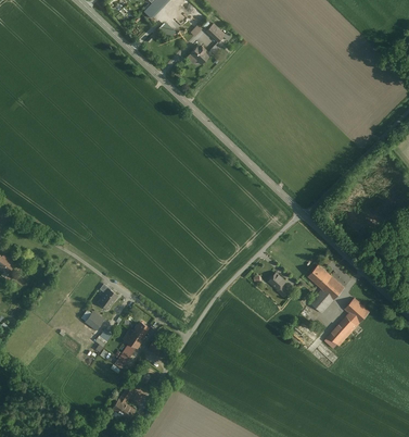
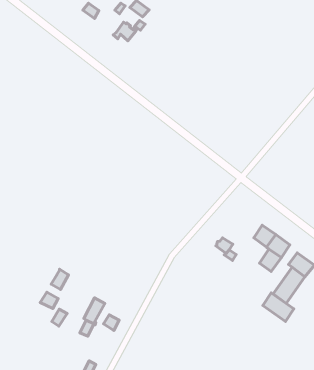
building: none -> [263,293,294,321]

